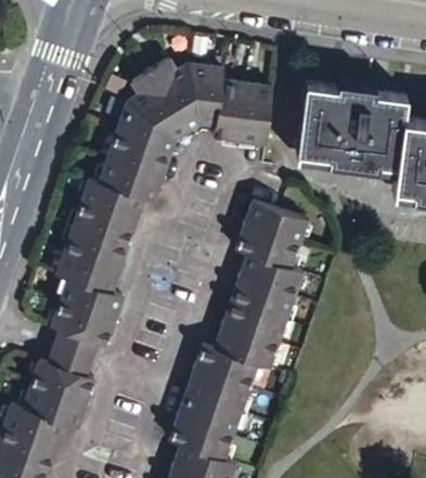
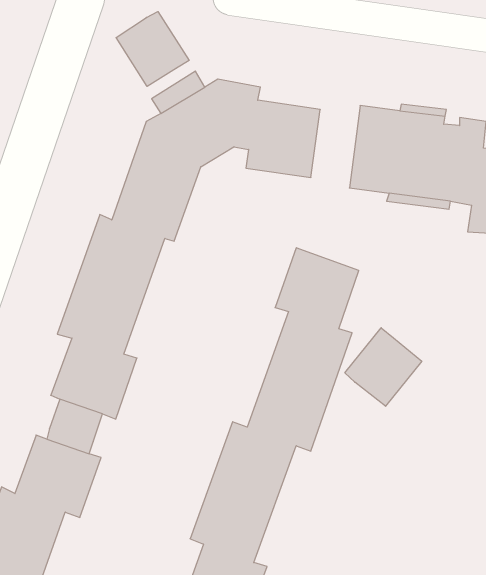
building: none -> [116,12,189,86]
building: none -> [345,328,422,406]

